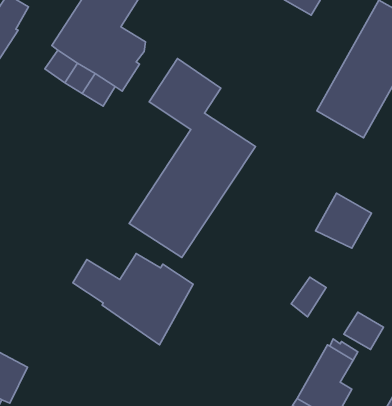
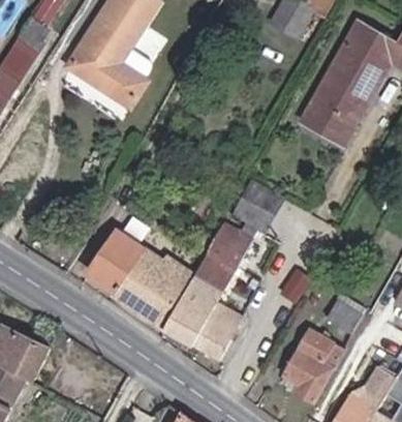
building: [129,58,255,258] -> none
building: [316,193,372,248] -> [234,181,283,230]
building: none -> [163,221,255,358]
building: none -> [99,232,142,270]

